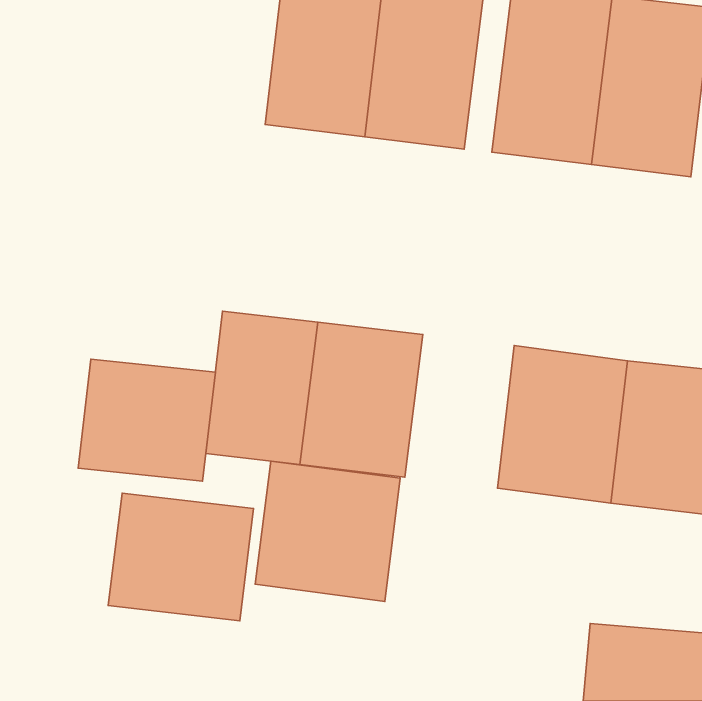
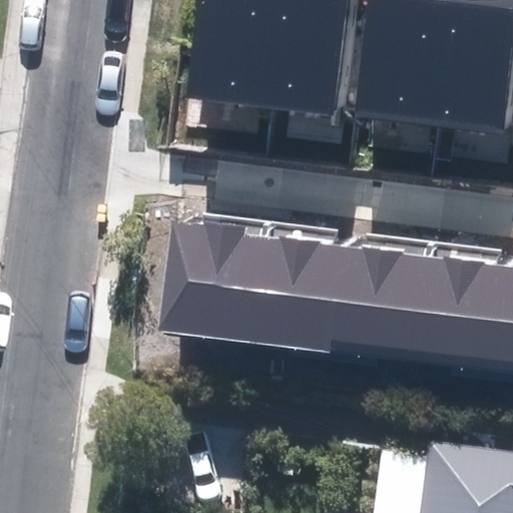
building: none -> [297,242,376,354]
building: [78,359,215,481] -> none
building: [255,461,400,601] -> none
building: [108,493,254,621] -> none

